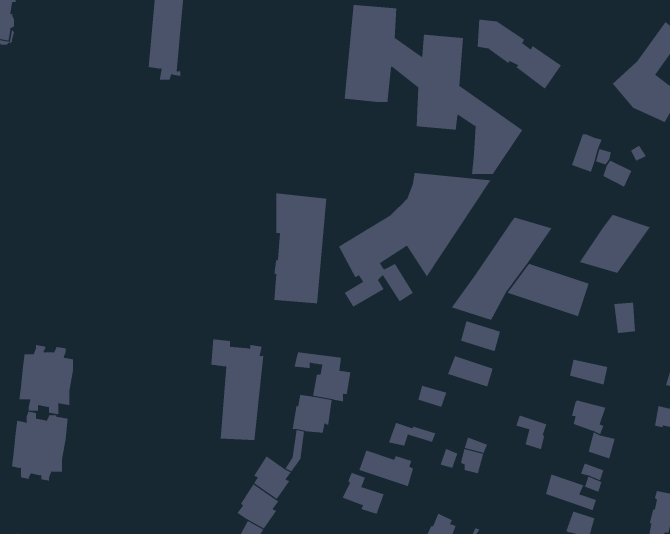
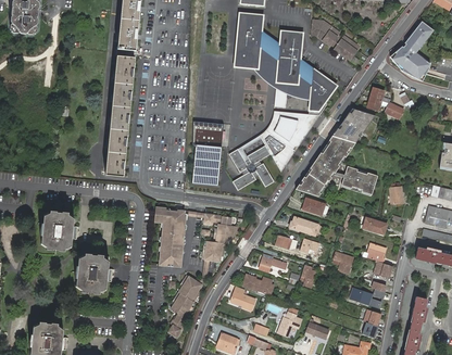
building: none -> [105,48,134,177]
building: none -> [253,48,310,106]
building: [579,214,651,273] -> [332,107,375,142]
building: [11,411,68,481] -> [76,253,110,294]

